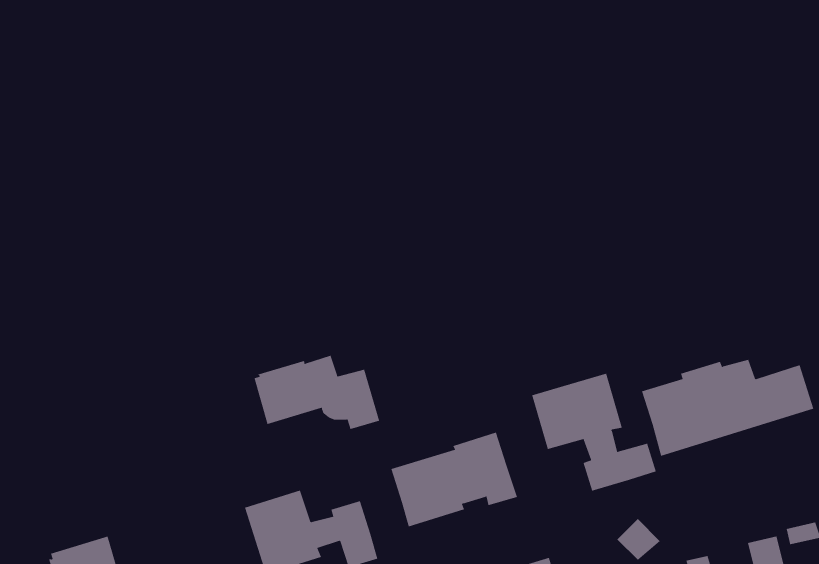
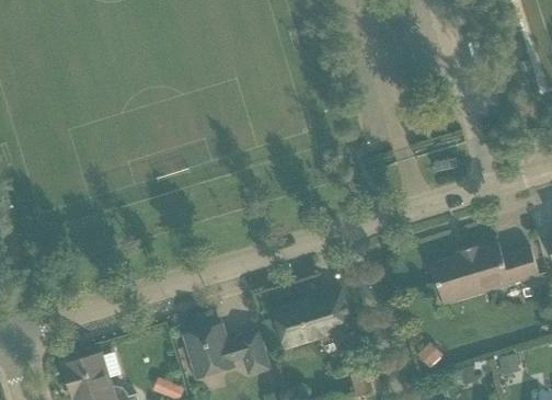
building: [254,355,380,430] -> none
building: [531,373,656,492] -> none

